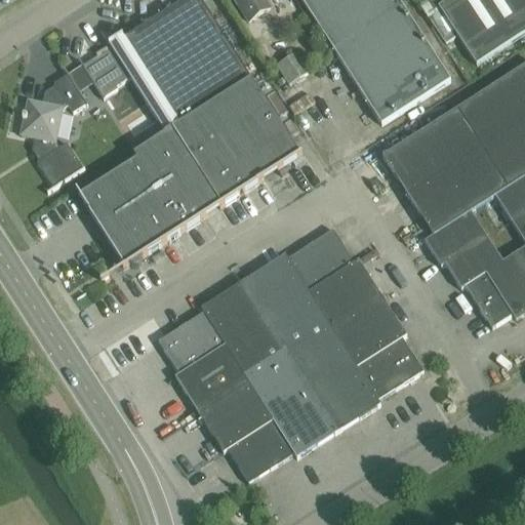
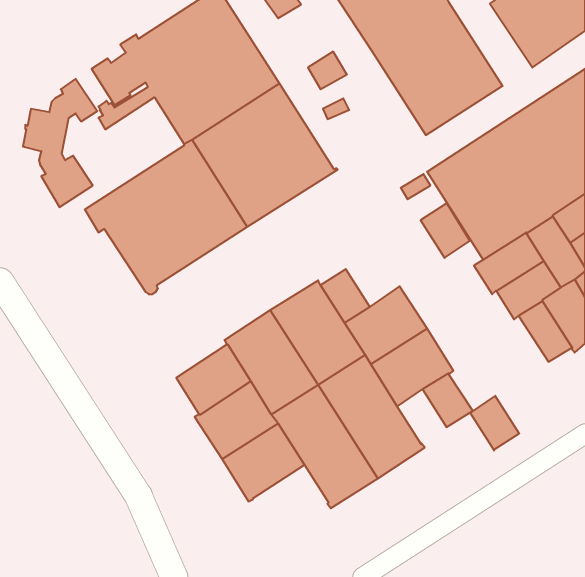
building: [310,226,354,275] -> [421,203,470,258]
building: [356,349,400,398] -> [470,396,519,451]
building: [227,416,294,480] -> none

